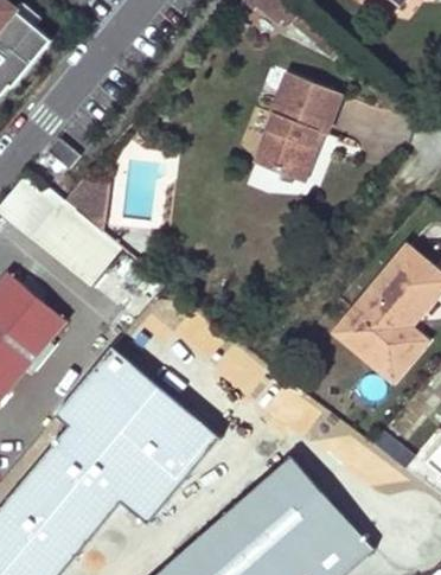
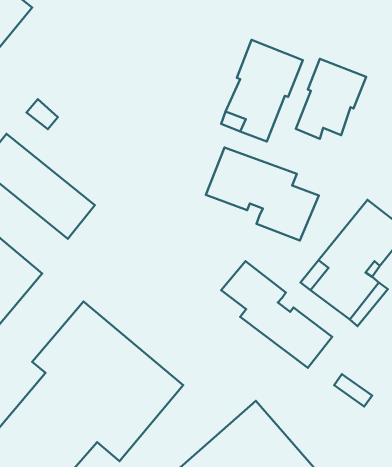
building: none -> [296,59,366,139]
building: none -> [206,147,319,241]
building: none -> [221,261,332,368]

